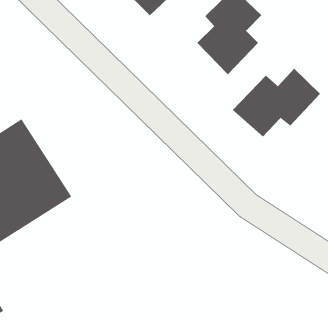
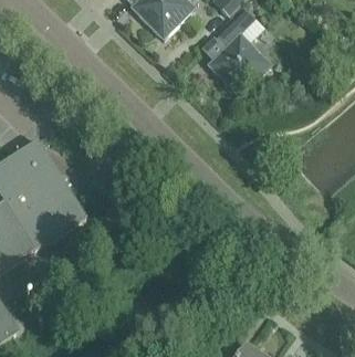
building: [232,68,321,138] -> none

